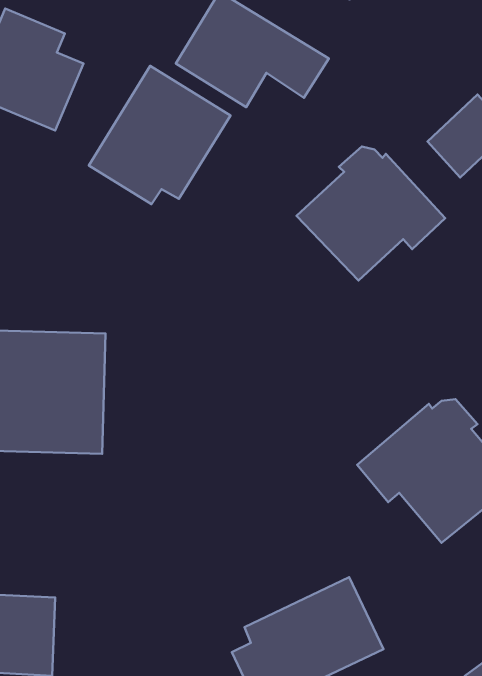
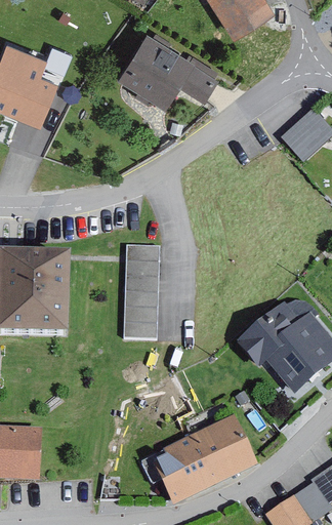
building: [89,66,230,204] -> none
building: [296,146,445,281] -> none
building: none -> [123,246,158,339]

